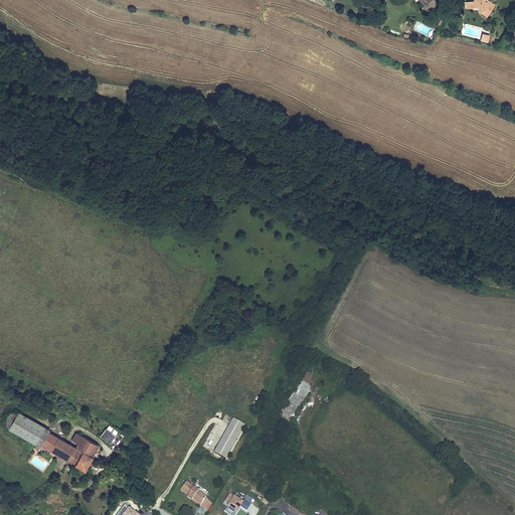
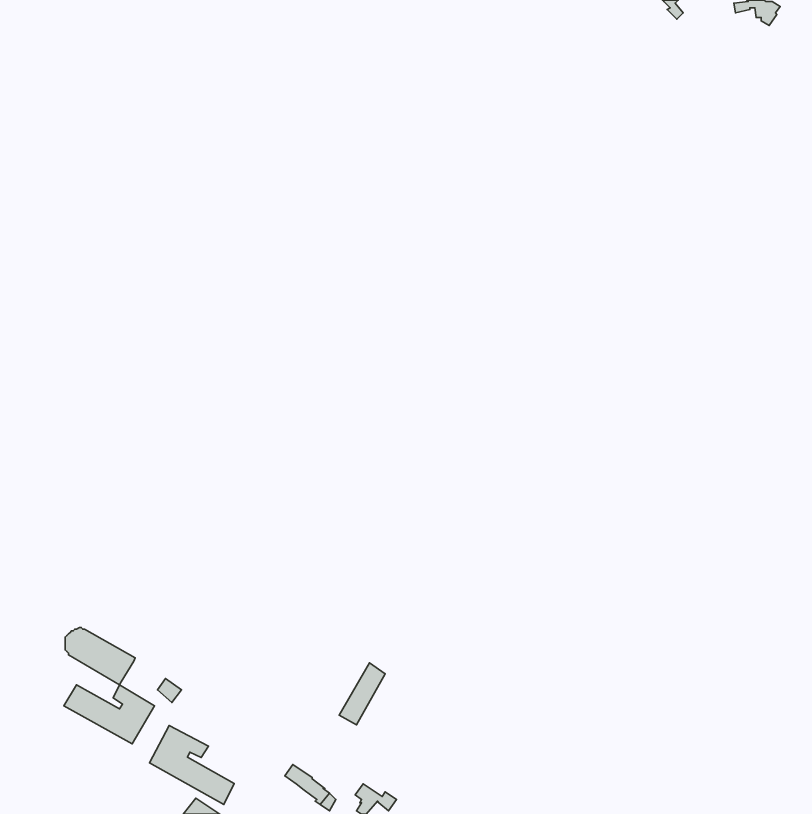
building: [5,411,49,448] -> [65,628,135,685]
building: none -> [149,725,234,804]

